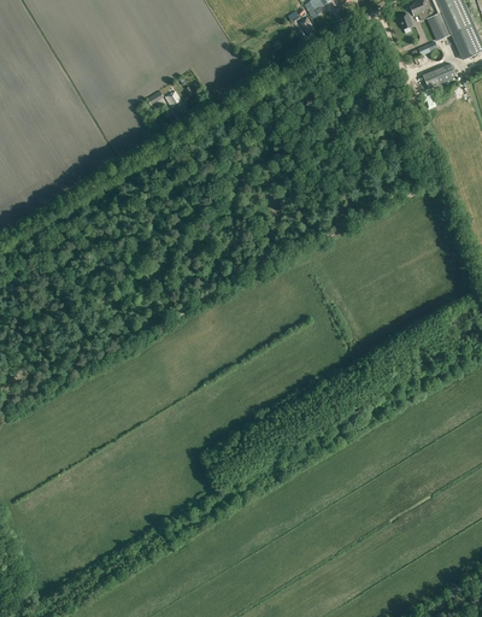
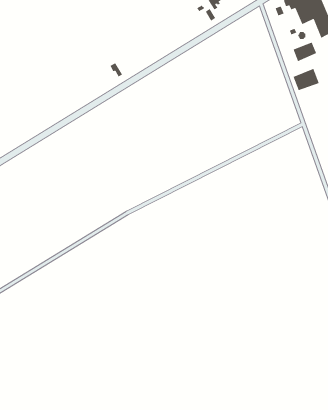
building: none -> [292,68,320,91]

